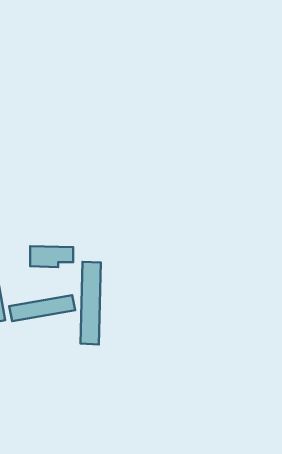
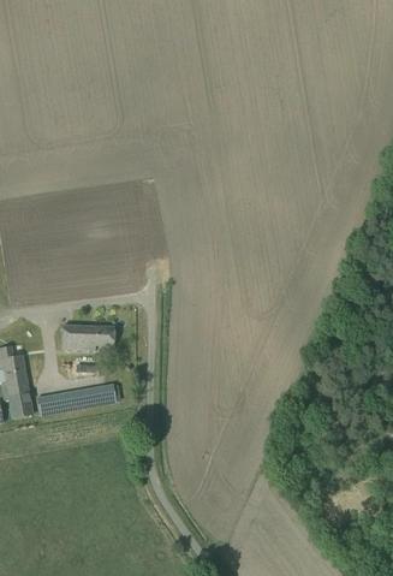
building: [81,262,101,344] -> none

